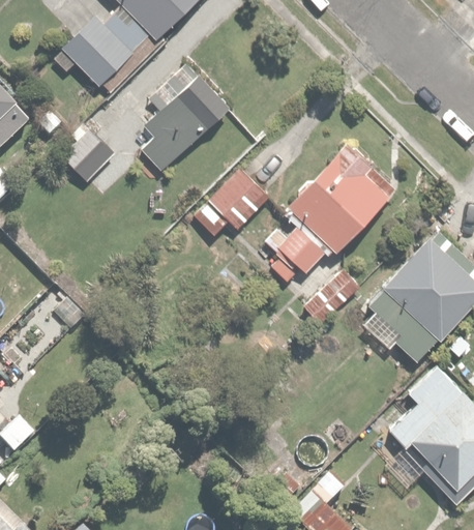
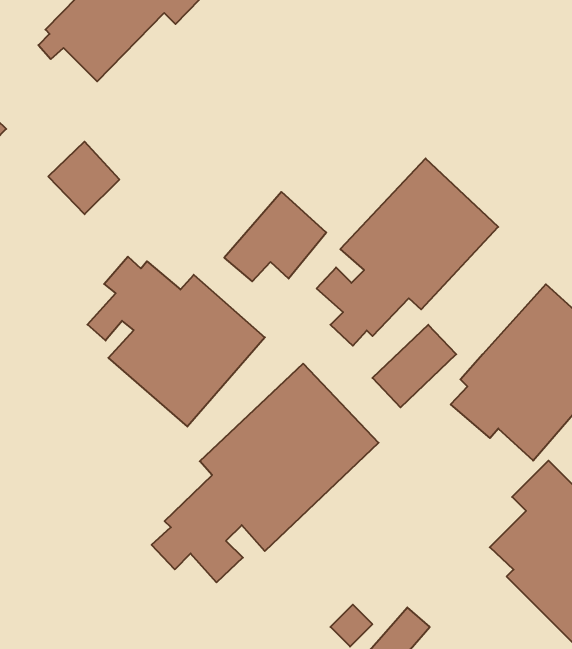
building: [142,70,230,171] -> none
building: none -> [87,257,265,427]
building: none -> [152,364,379,582]

